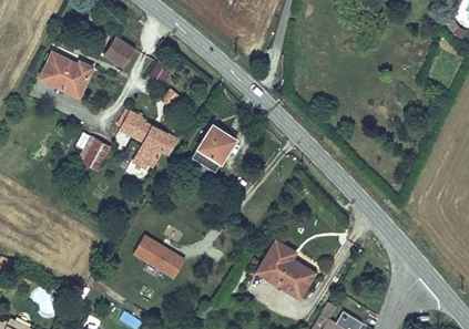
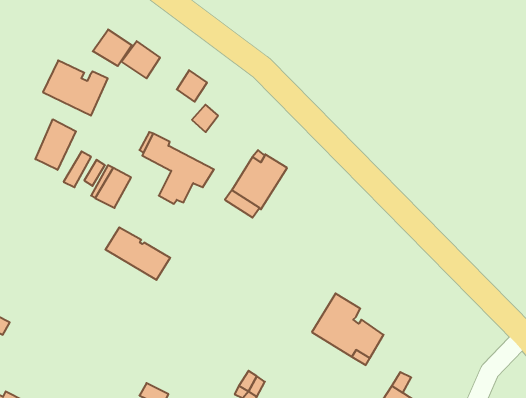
building: none -> [93,29,132,66]
building: none -> [35,119,76,170]
building: [134,236,186,278] -> [105,227,170,280]

